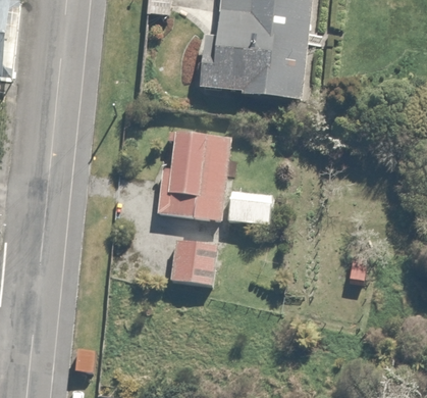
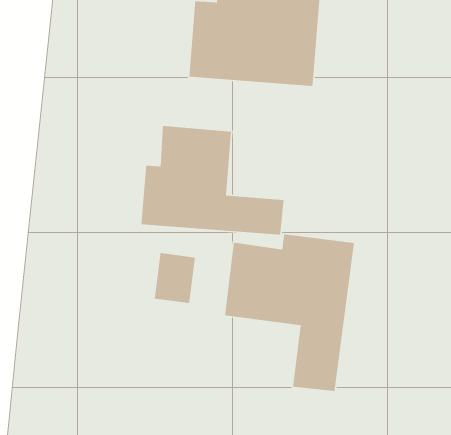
building: none -> [224,233,355,392]

